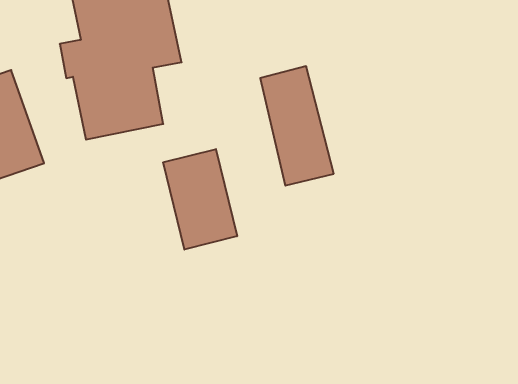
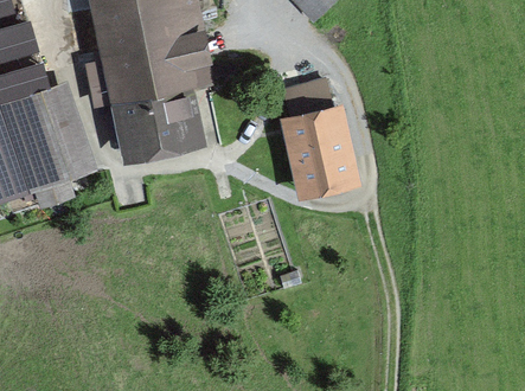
building: [163,149,237,250] -> none

